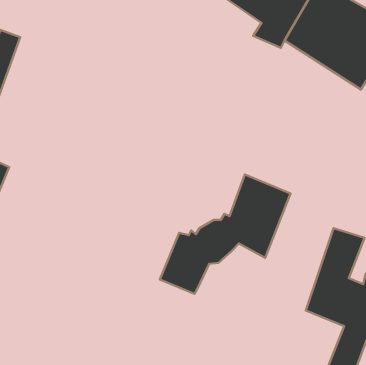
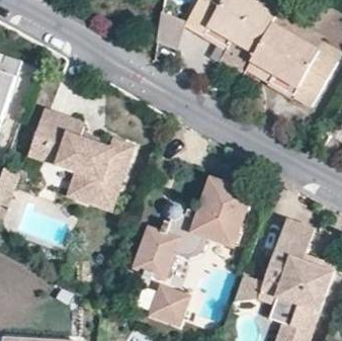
building: none -> [23,108,134,215]
building: none -> [155,285,192,326]

